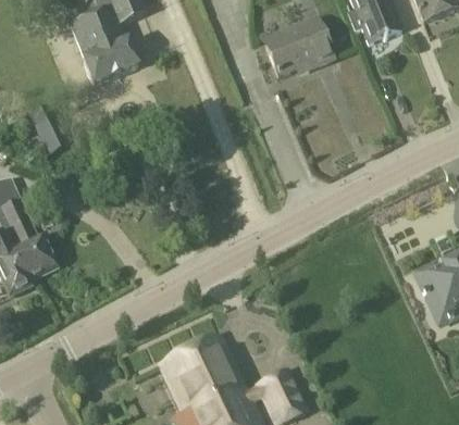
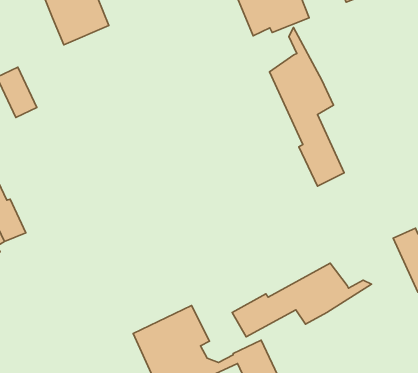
building: none -> [269,28,344,186]
building: none -> [232,263,371,337]

